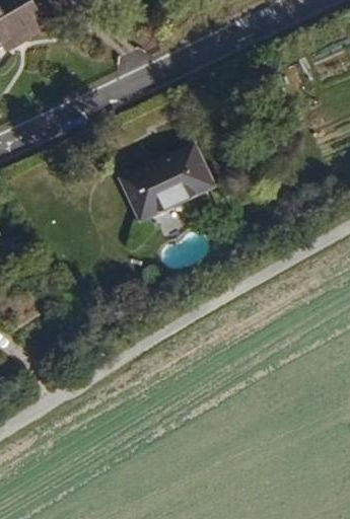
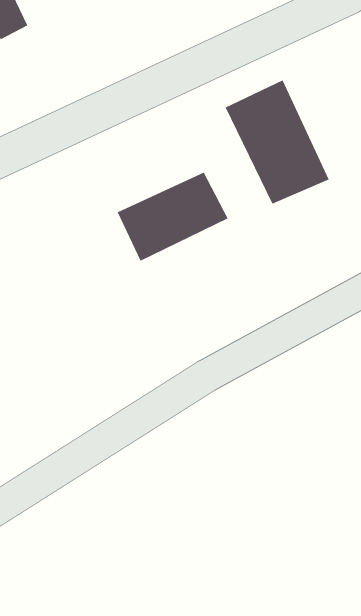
building: none -> [225,79,329,204]

